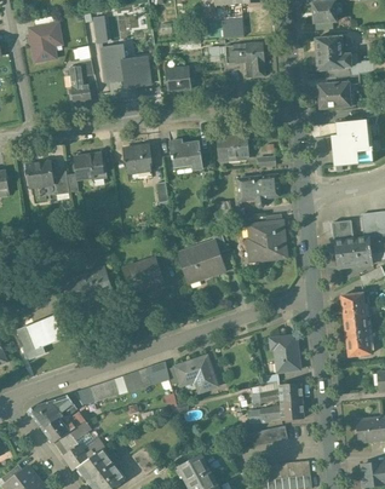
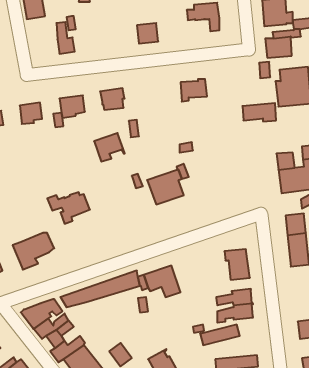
building: [102,46,149,86] -> none
building: [168,139,201,168] -> none
building: [237,174,277,196] -> [242,103,276,121]
building: [246,220,287,261] -> none
building: [125,259,161,293] -> [94,133,125,162]

